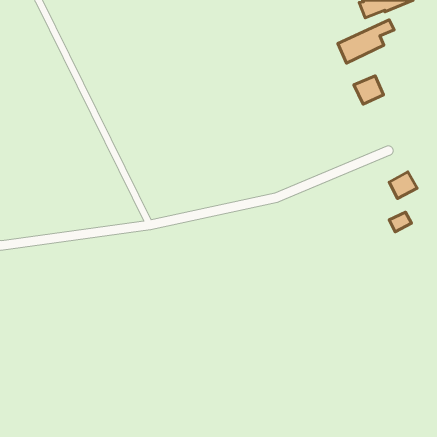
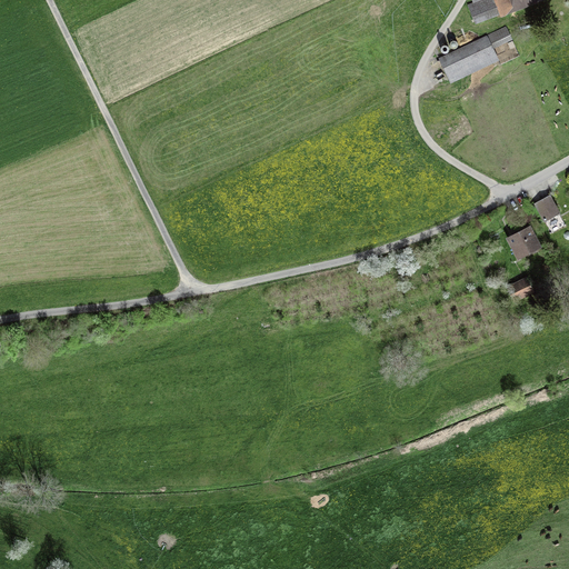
building: [354,76,383,104] -> none
building: none -> [533,193,561,226]

